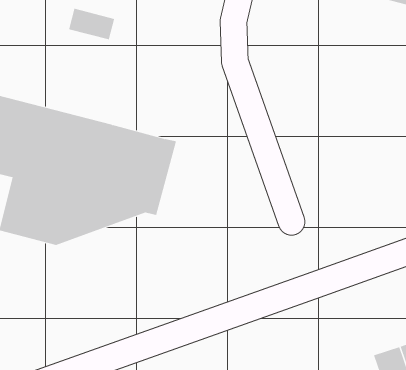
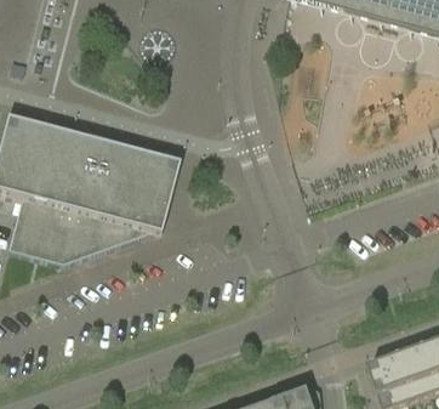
building: [69,8,115,40] -> none

